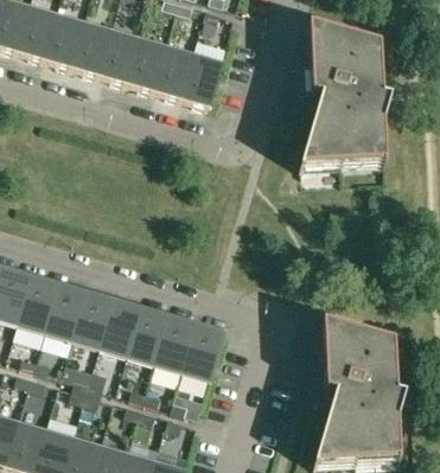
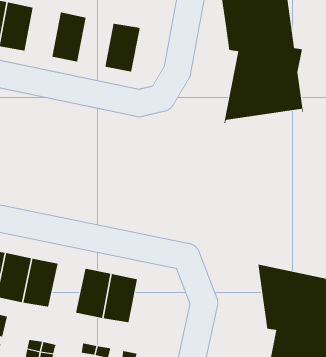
building: [98,31,139,84] -> none
building: [153,46,193,100] -> none
building: [100,302,141,356] -> none
building: [183,326,224,379] -> none

